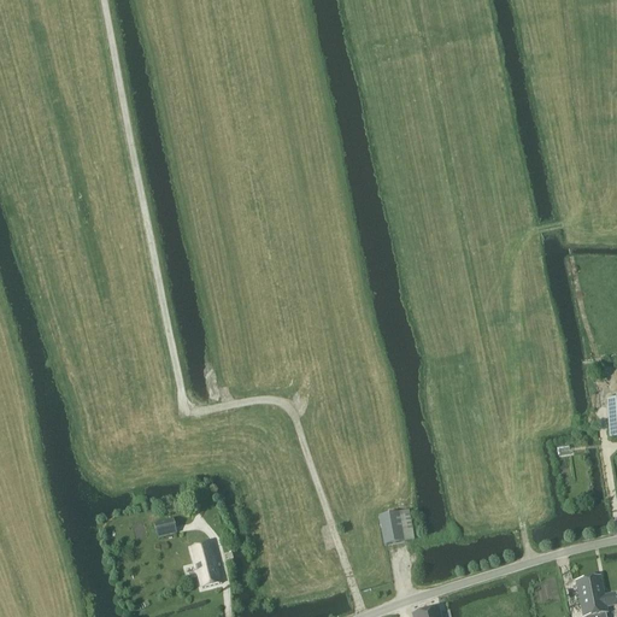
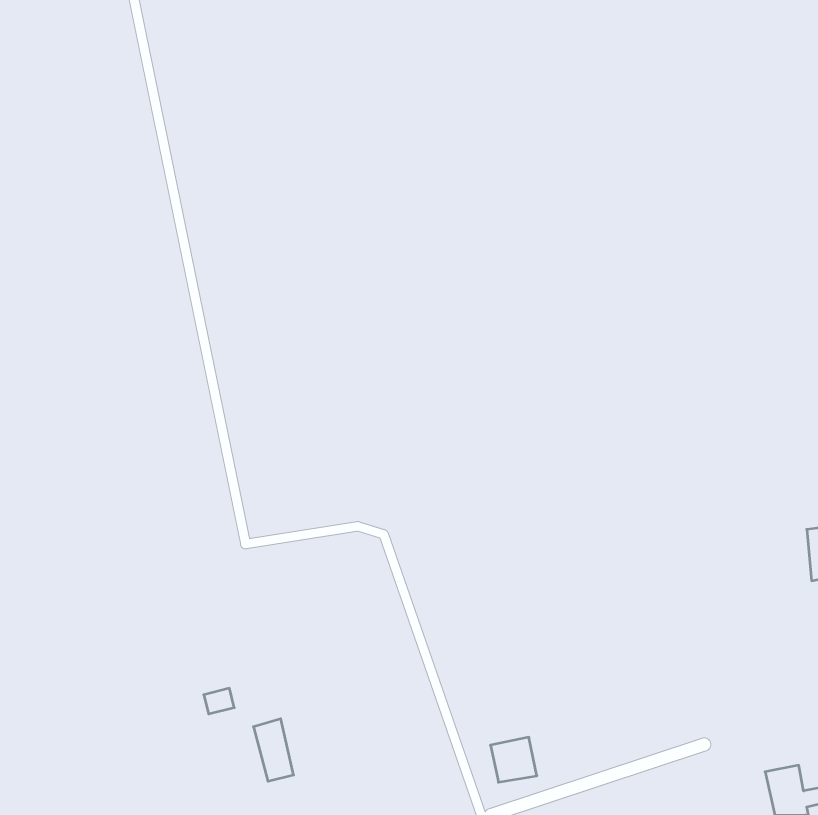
building: [380,509,415,542] -> [490,737,537,782]

